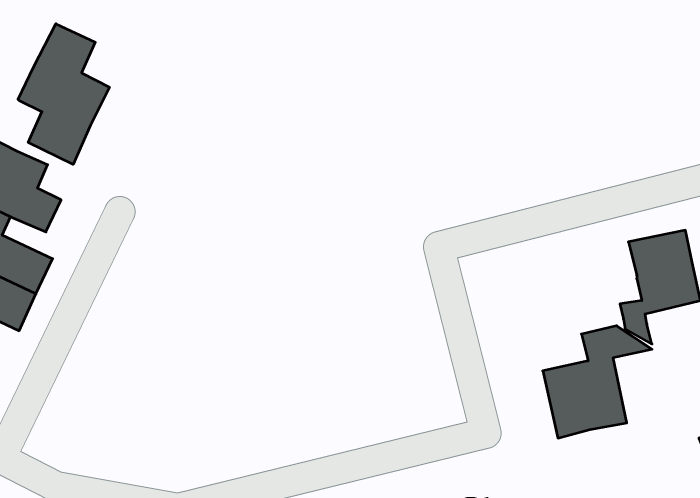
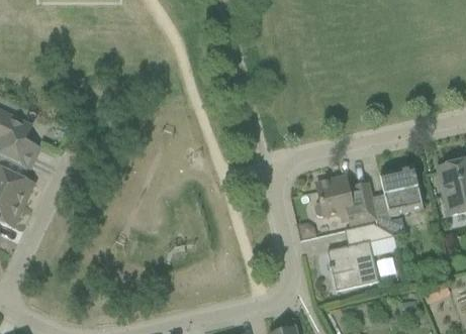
building: [18,24,109,164] -> none
building: none -> [314,177,376,225]

